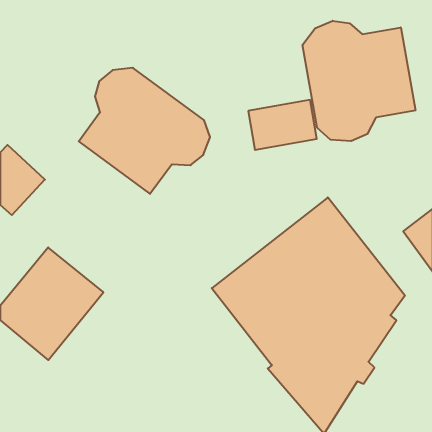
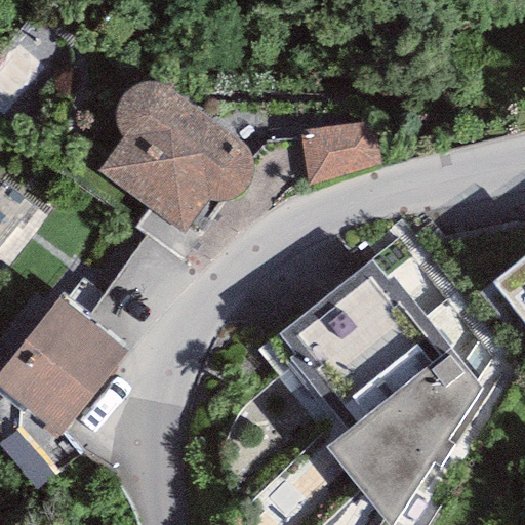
building: [303,21,415,141] -> none

